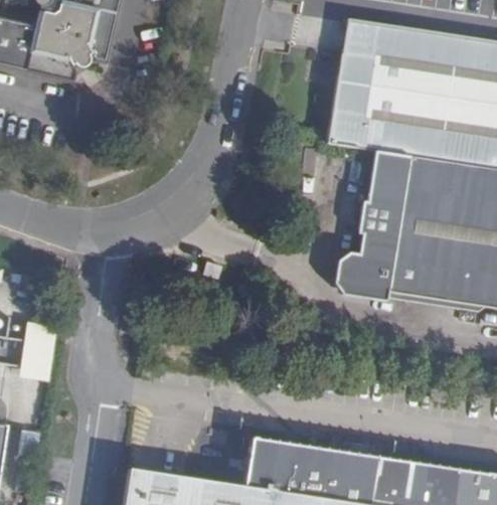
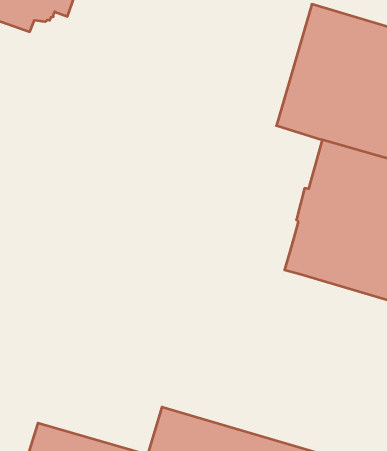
building: [334,256,368,298] -> none

